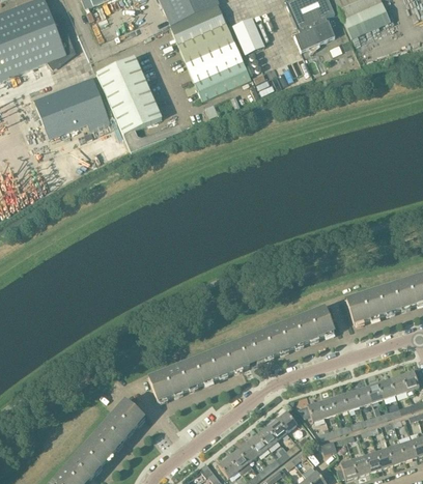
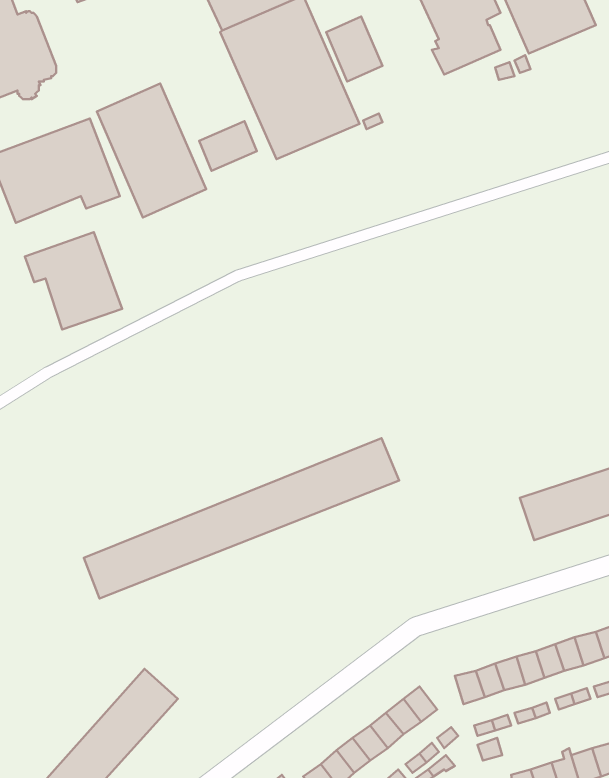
building: none -> [199,121,257,171]
building: none -> [25,232,122,330]
building: [148,306,334,400] -> [84,438,399,599]

